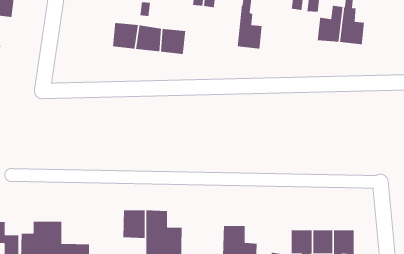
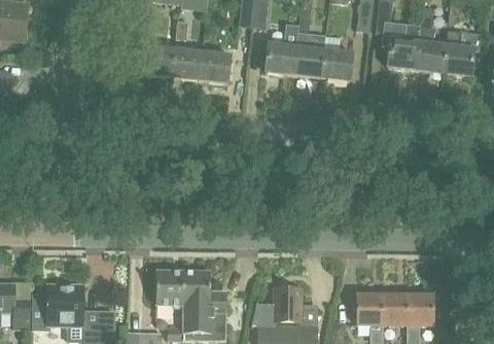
building: none -> [264,23,296,74]
building: none -> [442,29,481,75]
building: none -> [319,34,351,80]

